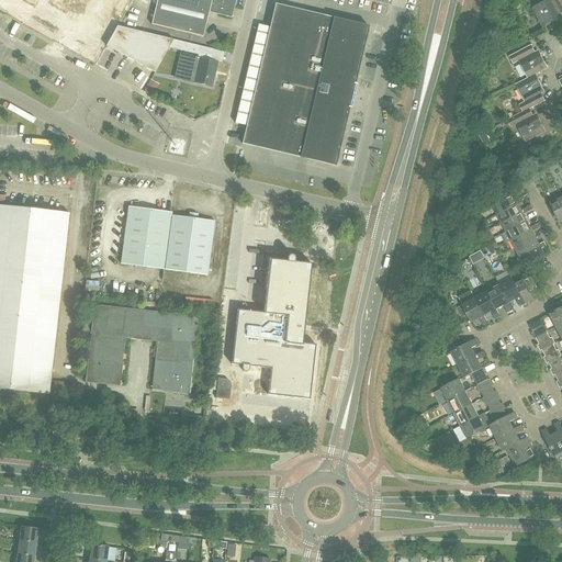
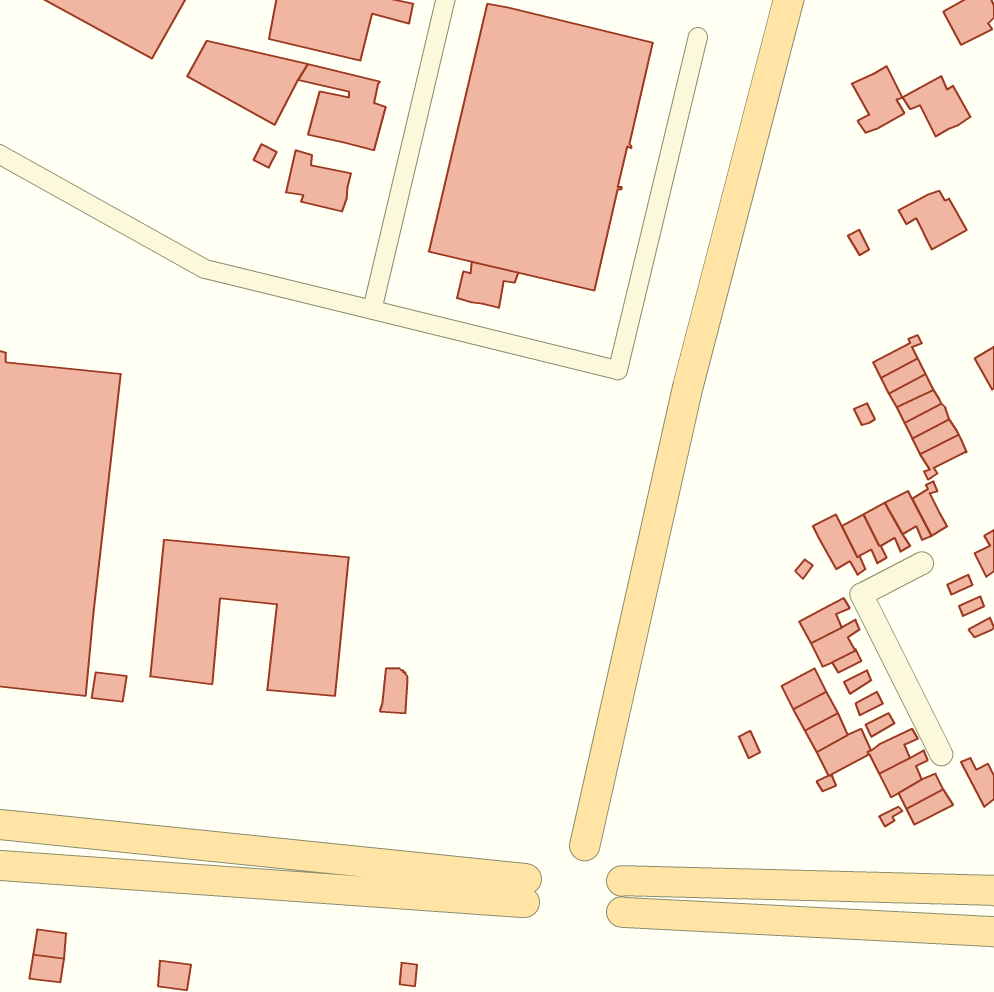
building: [515,72,544,110] -> [852,66,904,133]
building: none -> [286,150,351,212]
building: none -> [457,262,518,308]
building: [120,204,214,273] -> none
building: [231,252,314,396] -> none

